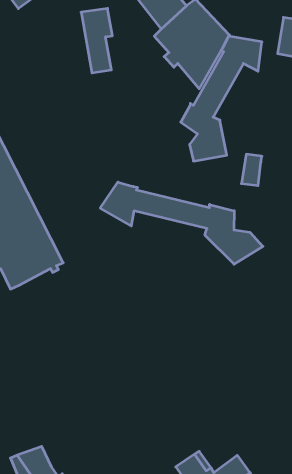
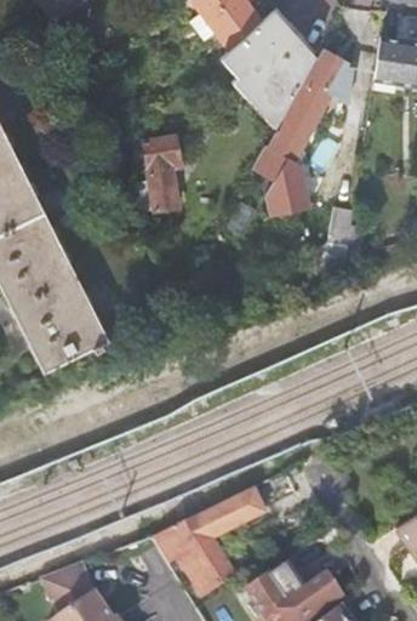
building: [81,8,112,73] -> [147,130,185,210]
building: [100,182,263,264] -> none
building: none -> [152,489,265,596]

